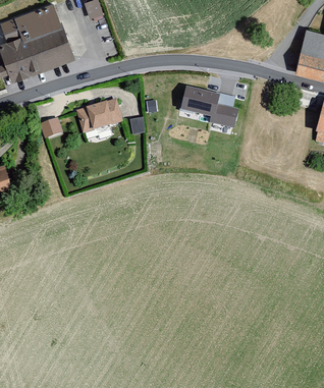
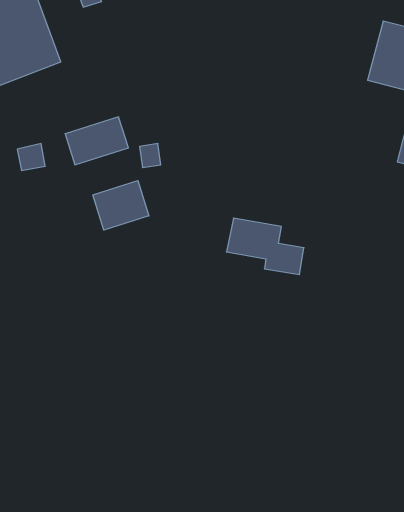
building: [187,90,244,130] -> [226,218,304,274]
building: none -> [93,181,149,230]

